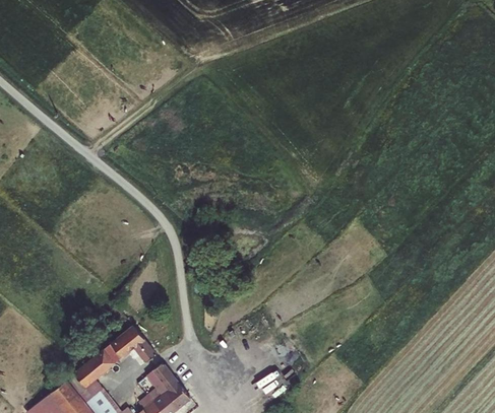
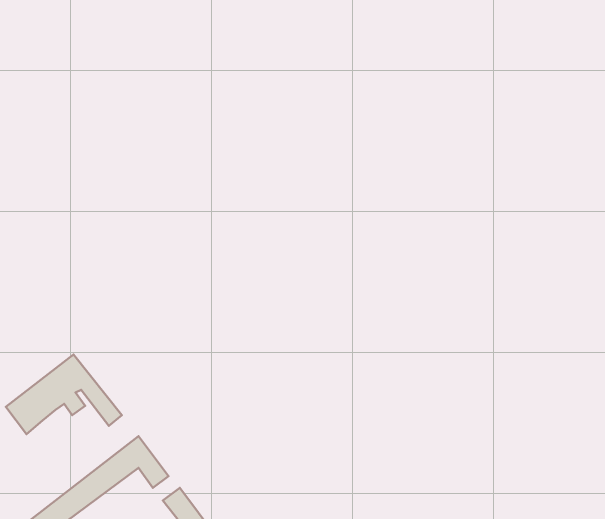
building: none -> [6,355,122,434]

